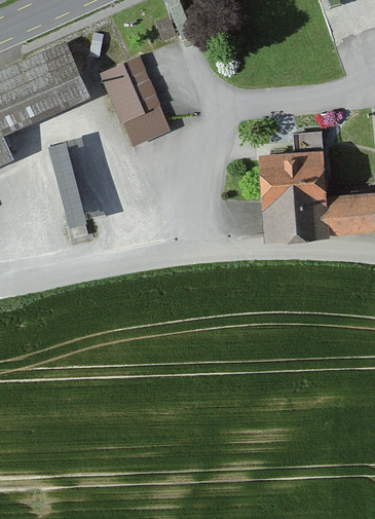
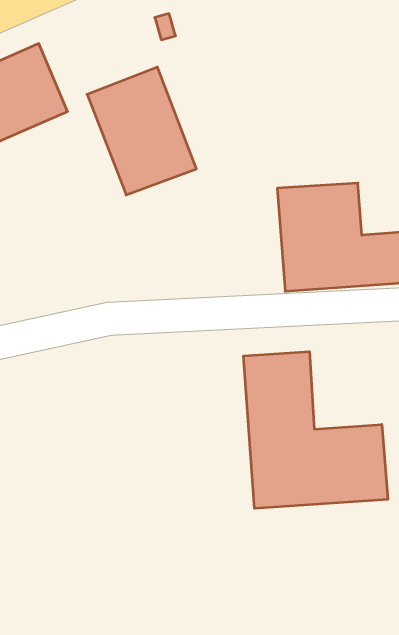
building: [50,136,88,222] -> none
building: none -> [244,352,388,508]

